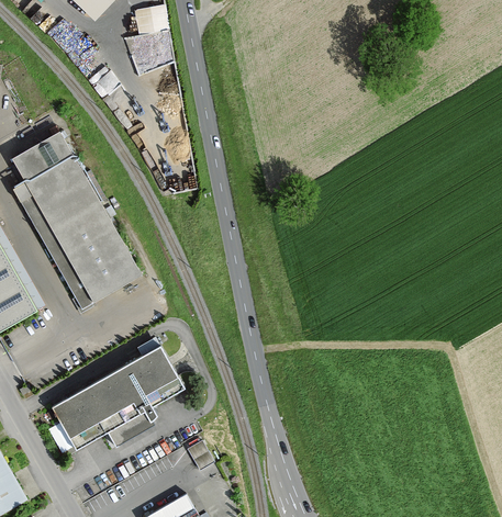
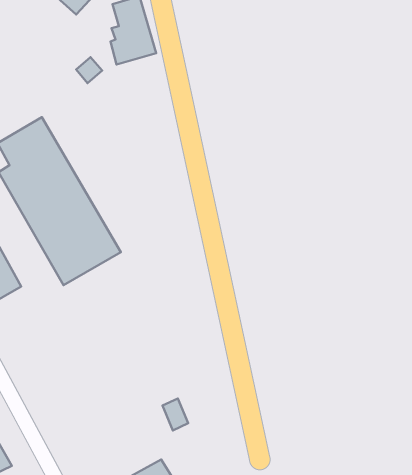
building: [51,345,185,451] -> none

